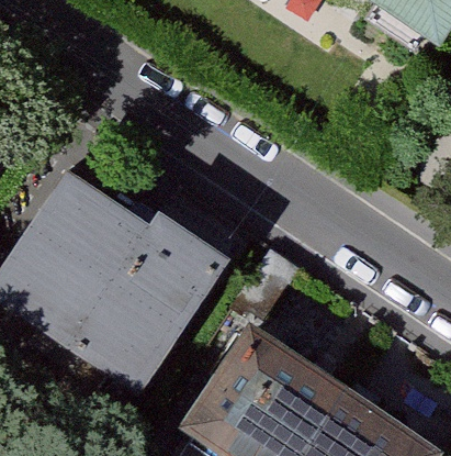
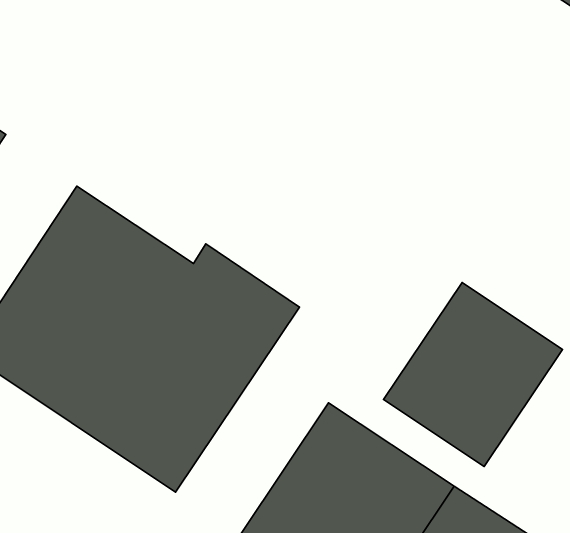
building: none -> [384,282,563,467]

